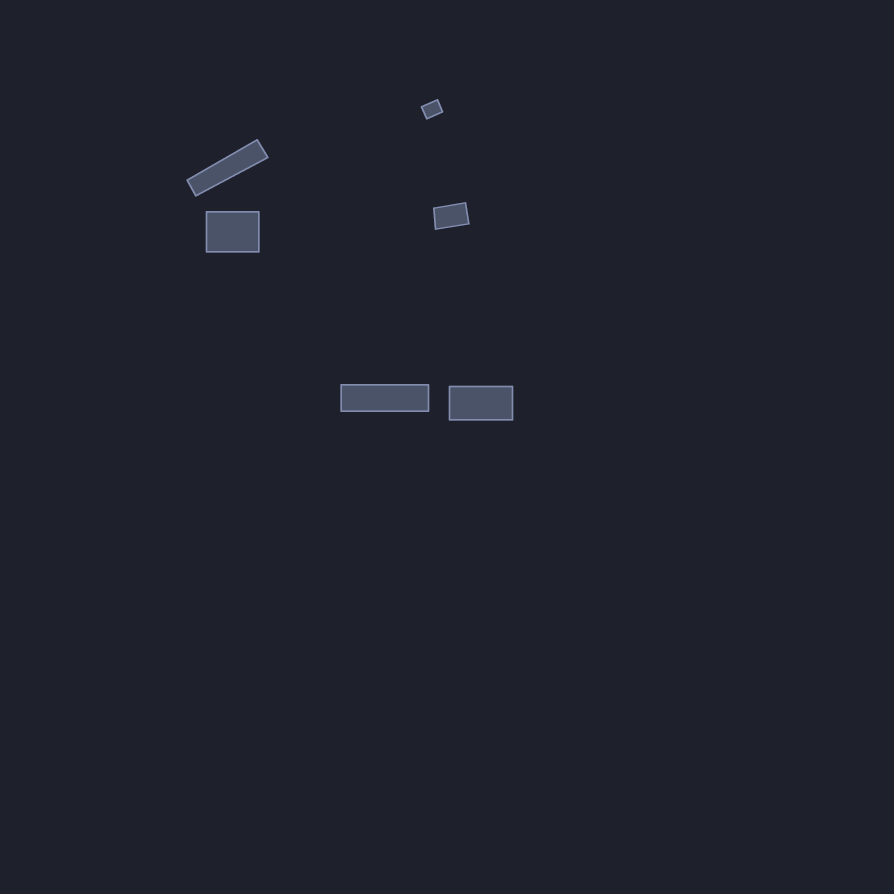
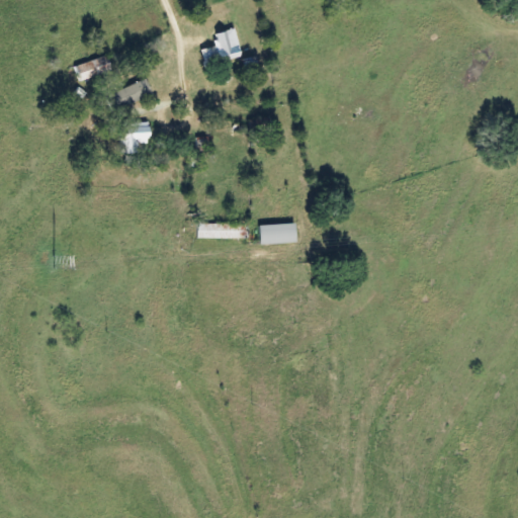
building: none -> [201,28,243,66]
building: none -> [74,54,112,82]

